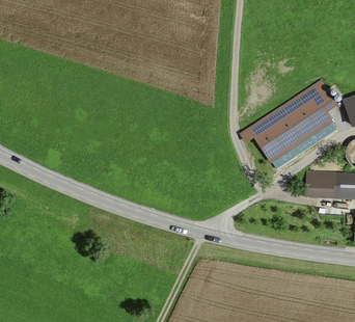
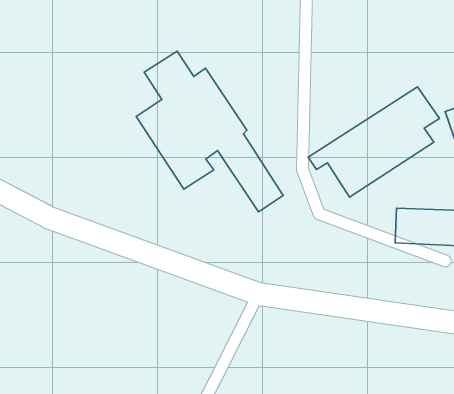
building: none -> [136,51,283,212]

